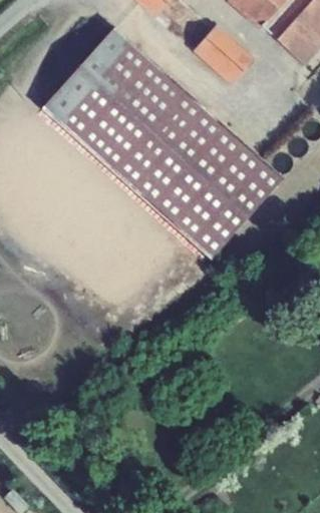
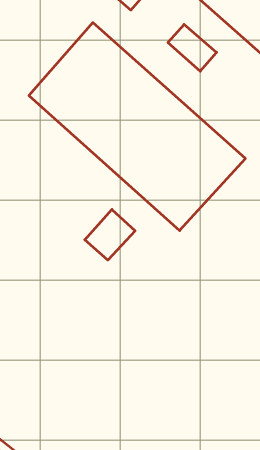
building: none -> [85,209,135,260]

